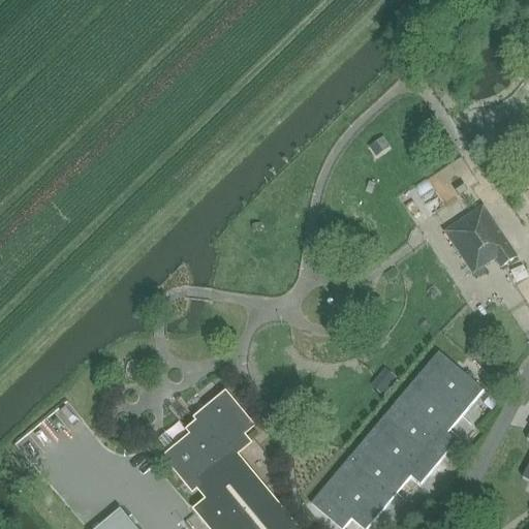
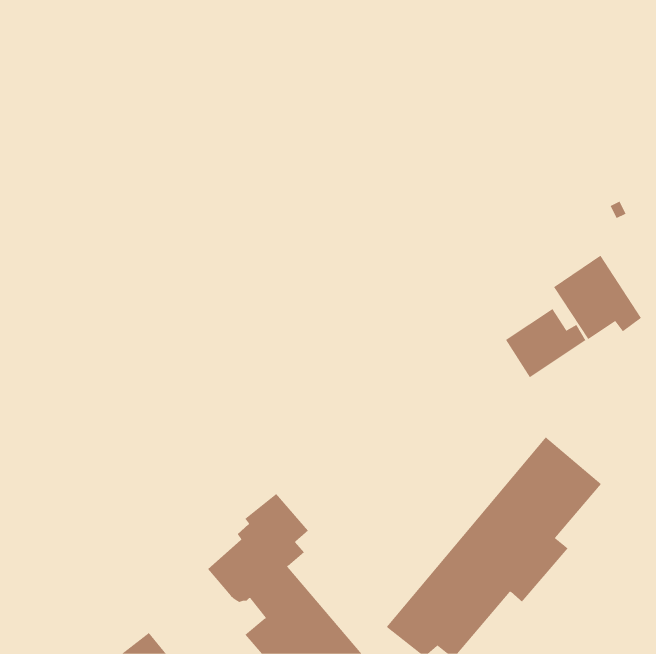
building: none -> [505,308,586,378]

